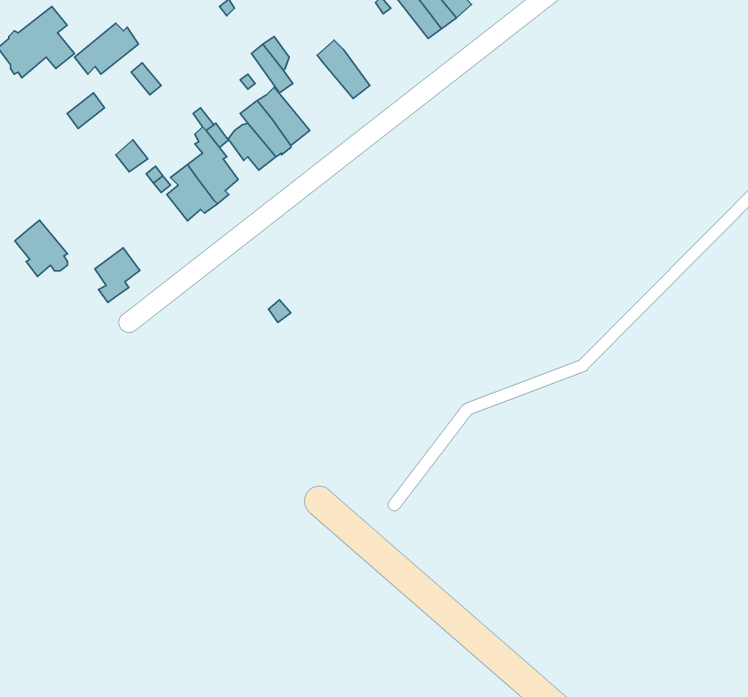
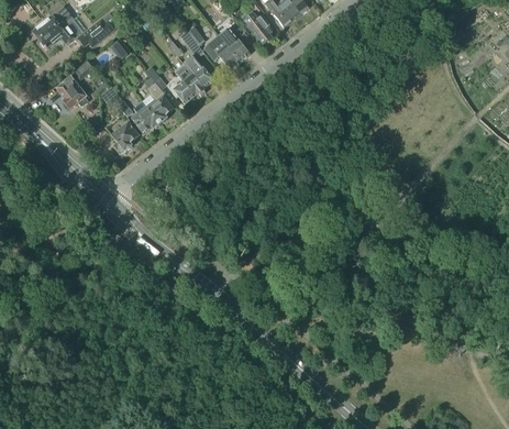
building: none -> [242,10,270,44]
building: none -> [203,35,240,68]
building: [15,220,68,276] -> [56,75,87,108]
building: [95,248,140,303] -> [112,122,139,154]

